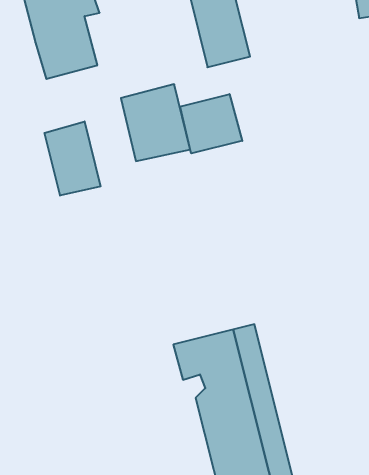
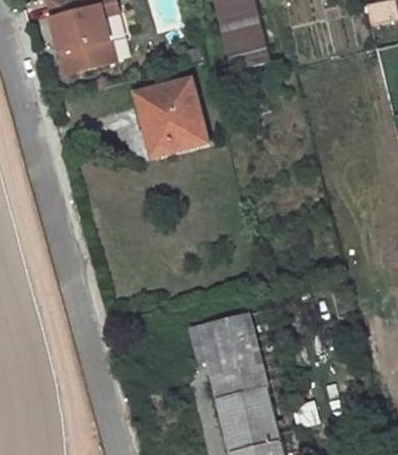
building: [180,94,242,153] -> none
building: [44,121,101,196] -> none

